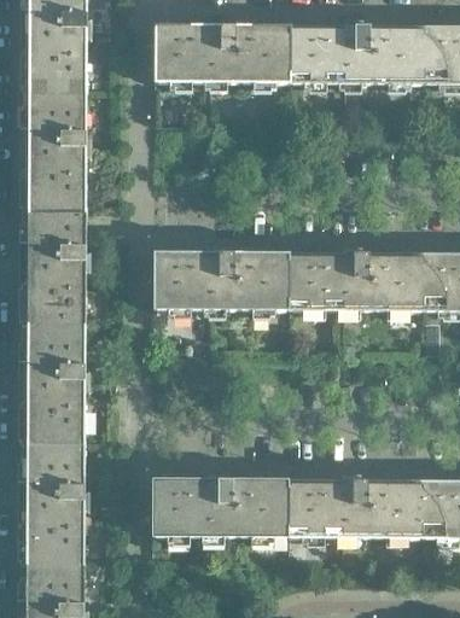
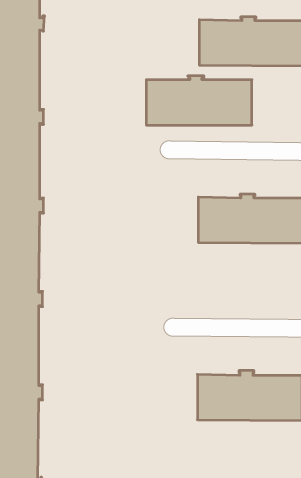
building: [155,21,290,83] -> [146,76,252,125]
building: [153,247,289,310] -> none
building: [152,474,287,537] -> none

